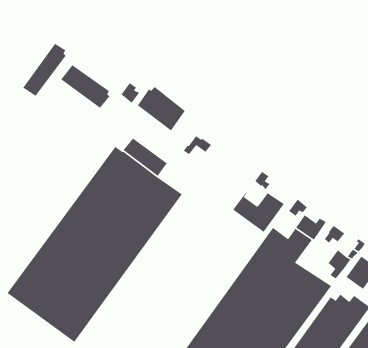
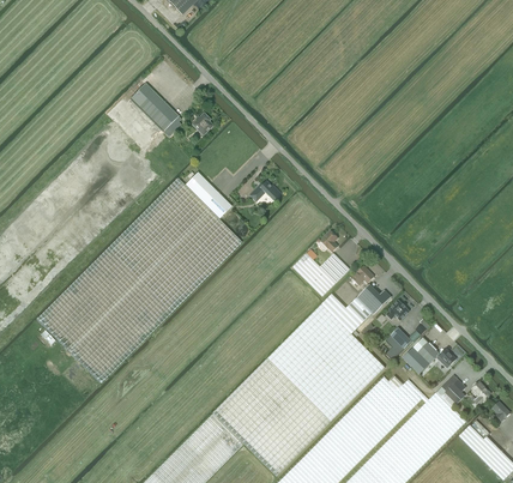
building: [22,43,66,97] -> none
building: [137,86,186,131] -> none

